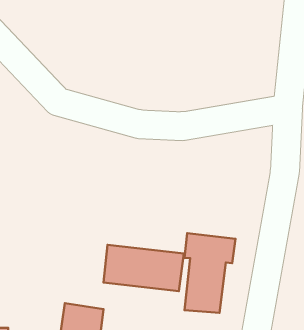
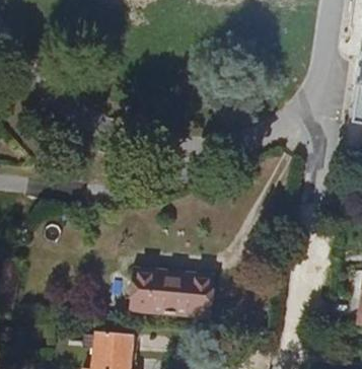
building: [184,233,235,313] -> none

